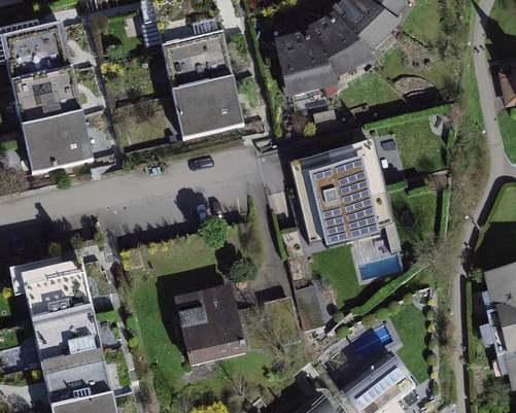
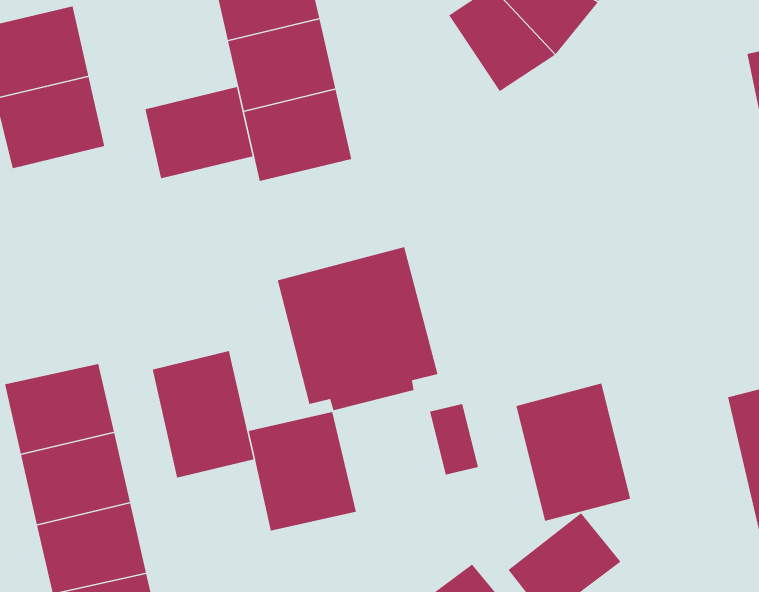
building: [275,31,337,98] -> none
building: [24,115,94,175] -> [144,86,253,179]
building: [287,136,391,242] -> [277,246,439,411]
building: none -> [152,350,254,479]
building: none -> [515,383,631,522]

